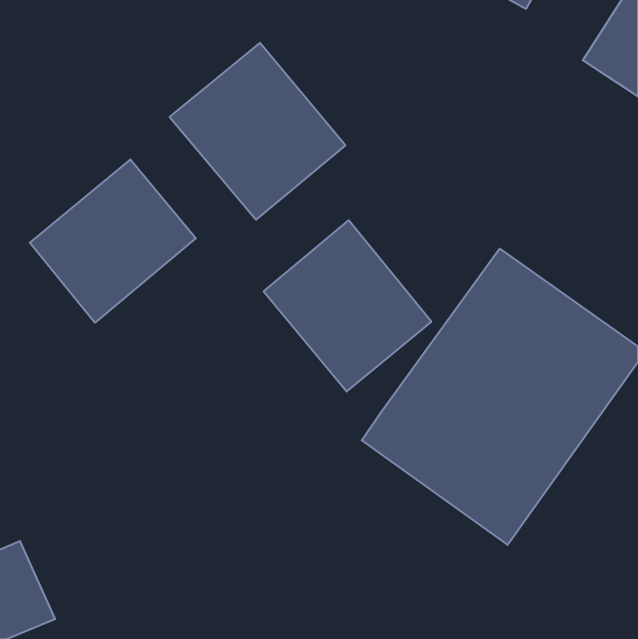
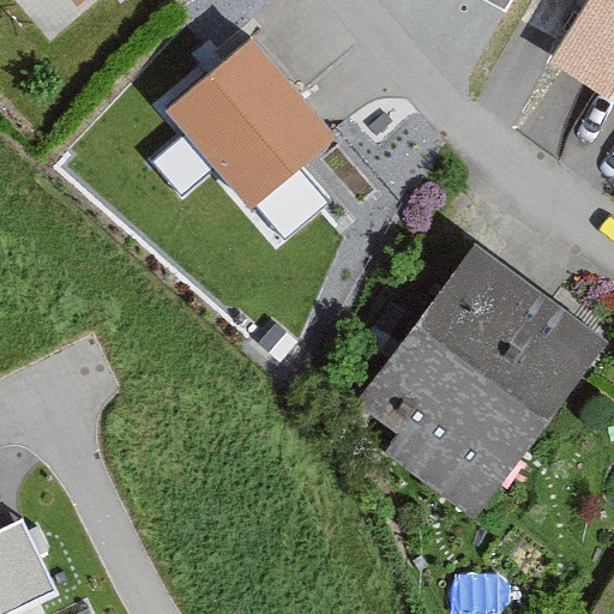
building: [30,159,196,323] -> none
building: [264,220,431,392] -> none

